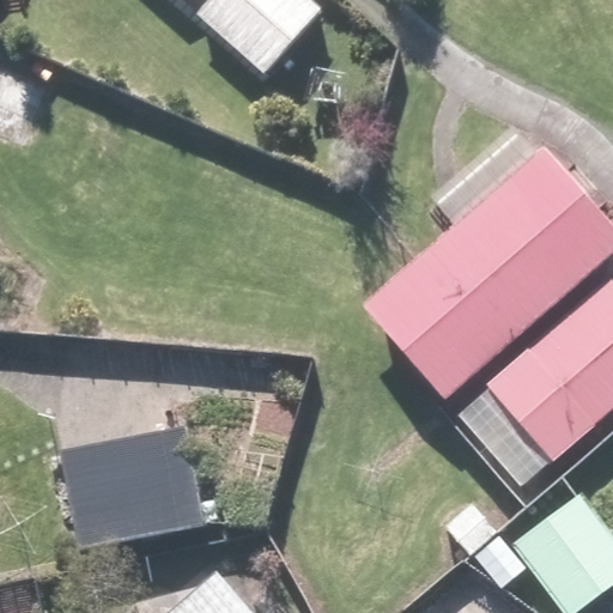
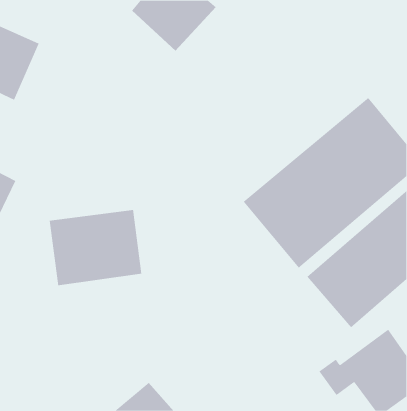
building: [63,430,202,544] -> [49,209,142,286]

